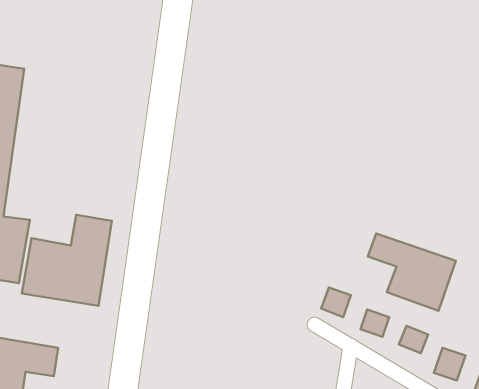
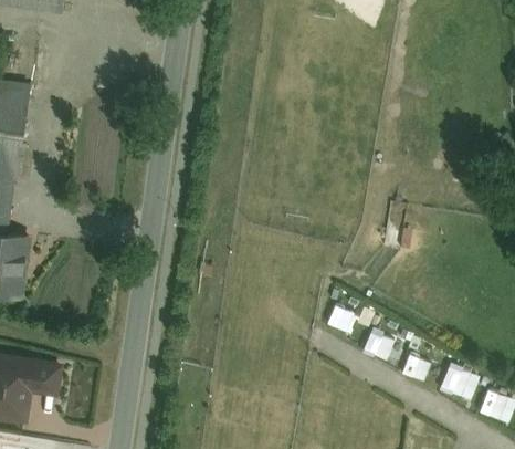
building: [22,215,112,306] -> none
building: [368,233,456,311] -> none

